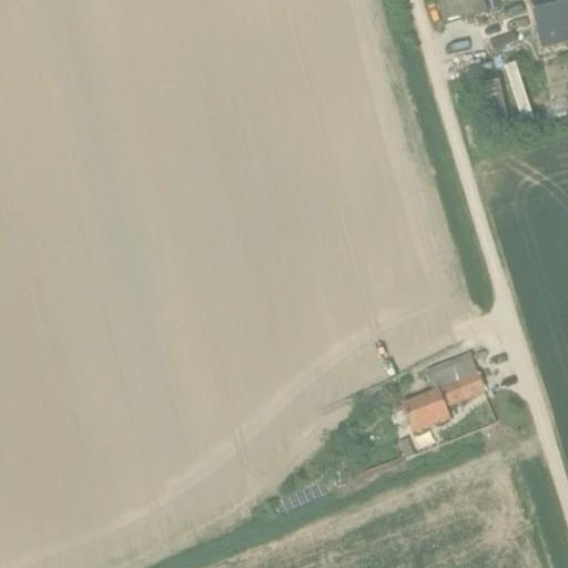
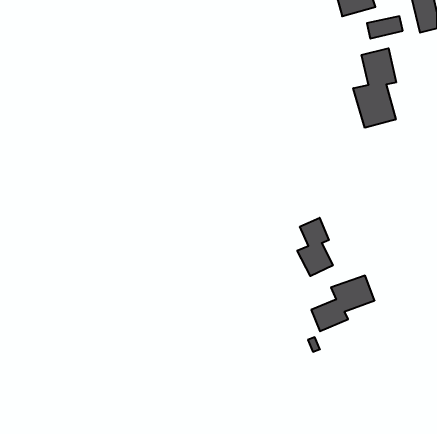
building: none -> [353,48,396,128]
building: none -> [297,218,333,276]

